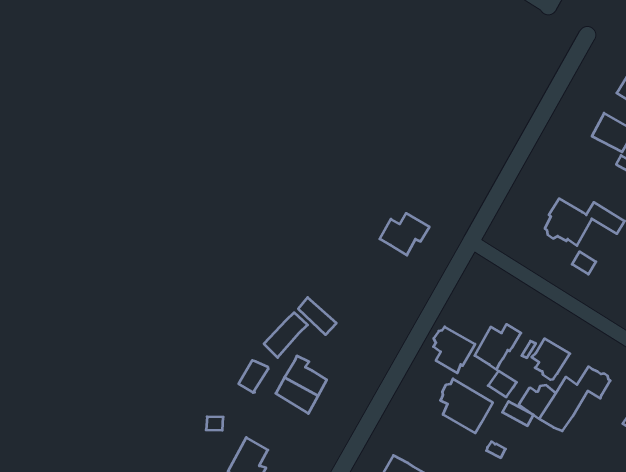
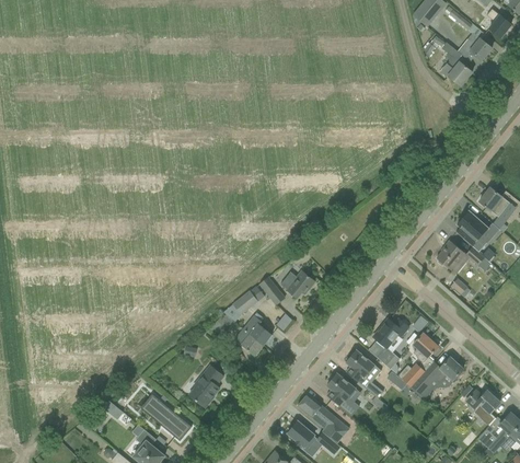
building: none -> [455,210,489,252]
building: [380,213,429,255] -> [280,269,315,298]
building: [433,327,475,373] -> [327,373,356,406]

